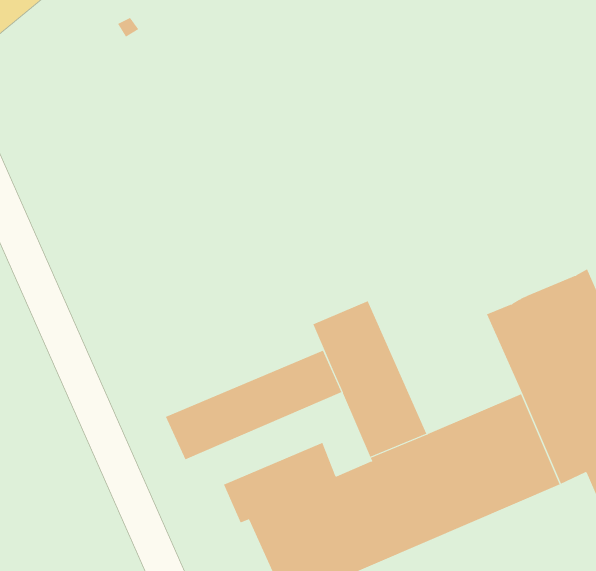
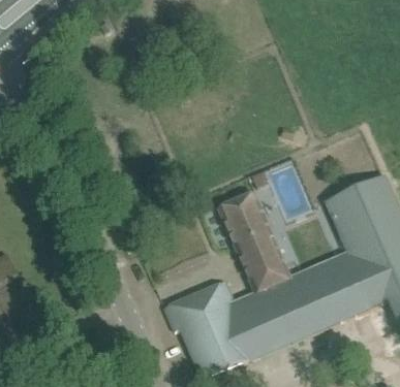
building: [165,350,342,460] -> none

